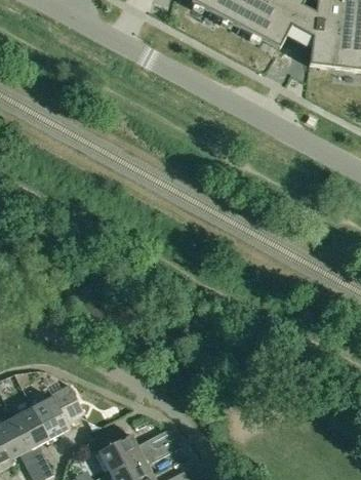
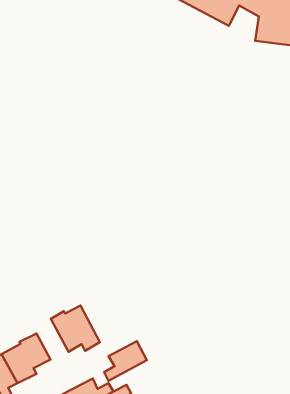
building: none -> [51,306,100,352]
building: none -> [104,341,147,381]

